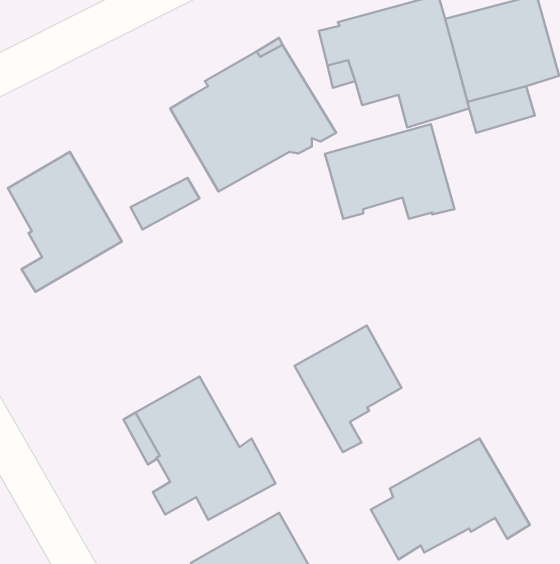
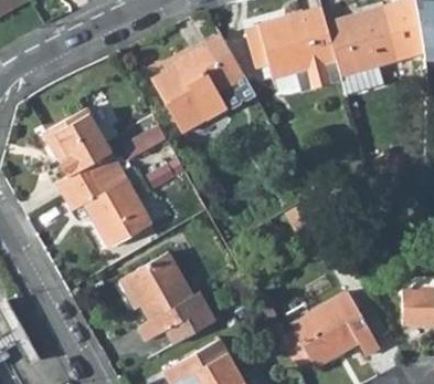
building: [325,124,454,219] -> none
building: none -> [65,165,154,246]
building: [295,325,401,452] -> none

